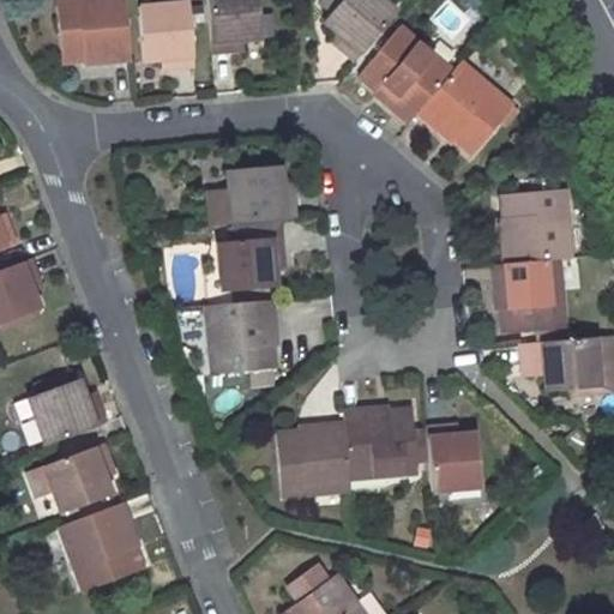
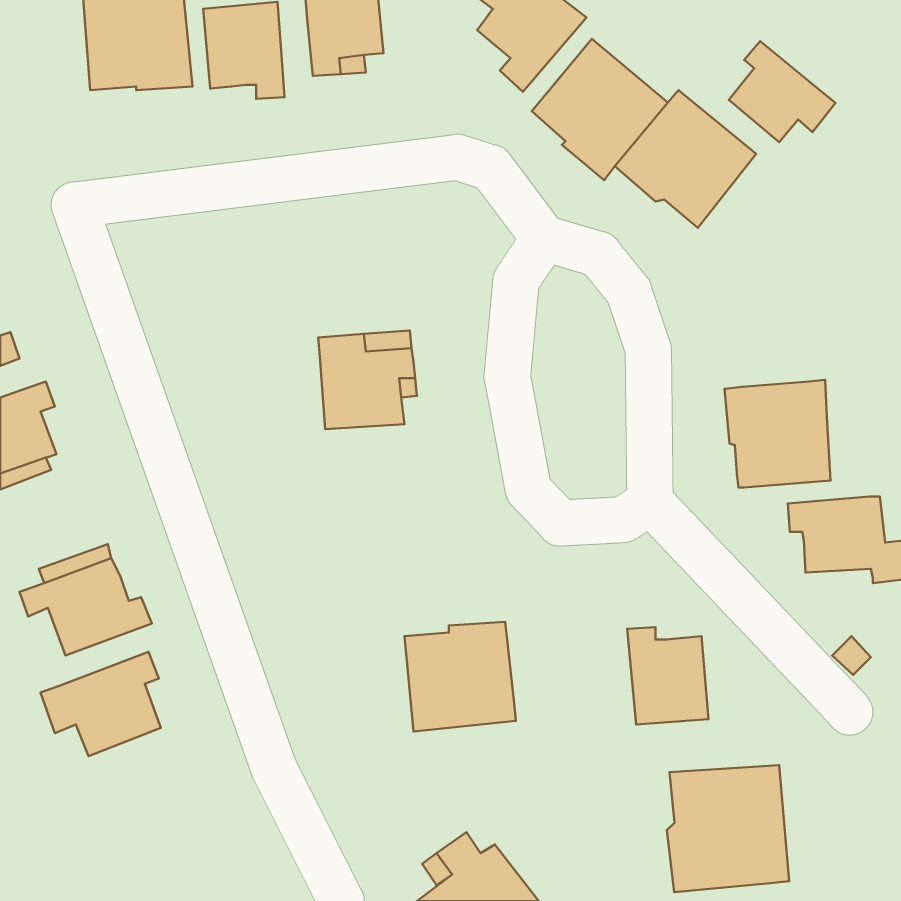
building: none -> [729,41,835,142]
building: [201,167,295,223] -> none
building: [502,188,572,263] -> none
building: [205,299,277,373] -> none
building: [343,408,417,477] -> none
building: [60,502,143,590] -> none
building: none -> [667,765,789,892]

